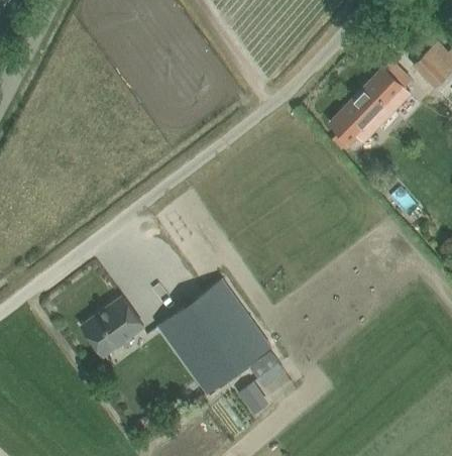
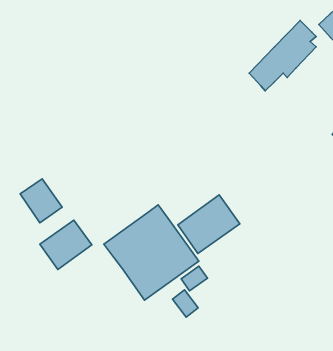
building: none -> [20,179,62,223]
building: none -> [178,195,240,253]

